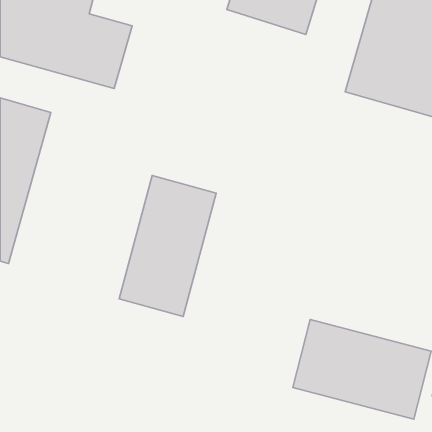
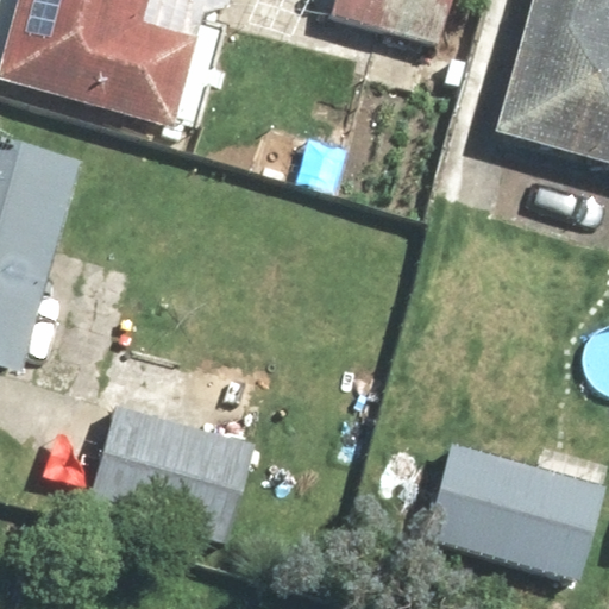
building: [119,175,216,317] -> none
building: none -> [86,408,256,546]

